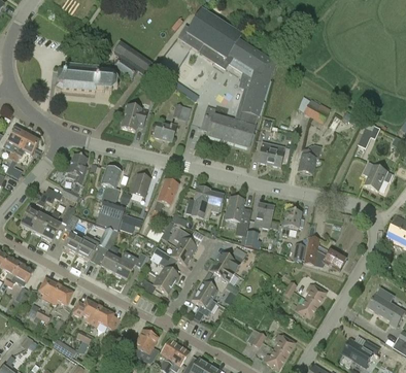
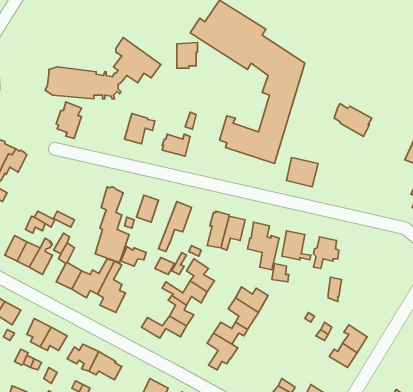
building: [298,144,320,173] -> none
building: [65,152,87,183] -> [56,102,82,139]
building: [304,236,345,269] -> none
building: [113,251,146,279] -> none

